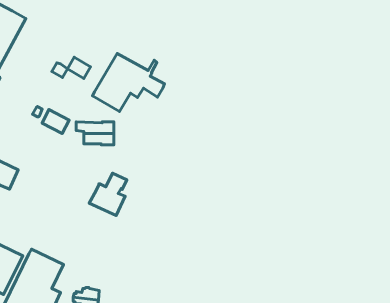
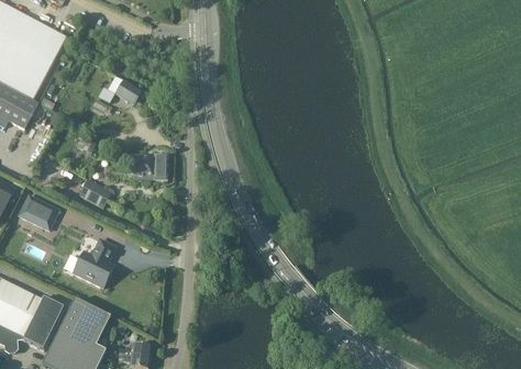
building: [93,53,165,112] -> none
building: [42,110,69,134] -> [79,179,110,206]
building: [89,173,127,216] -> [71,239,114,288]

